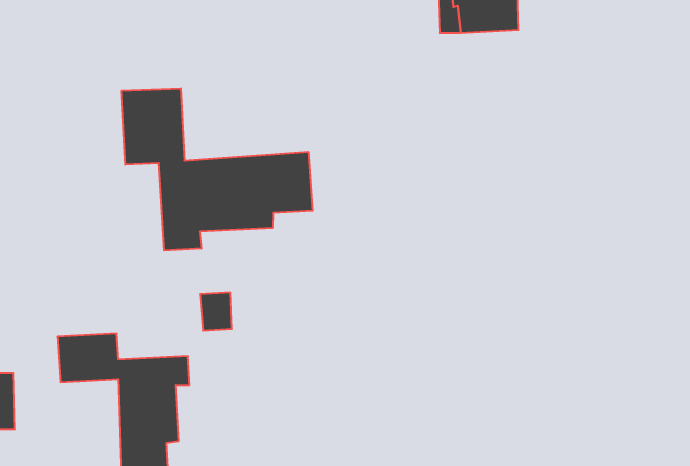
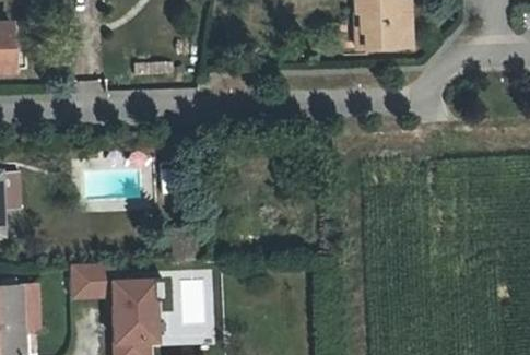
building: [122,88,313,250] -> none

